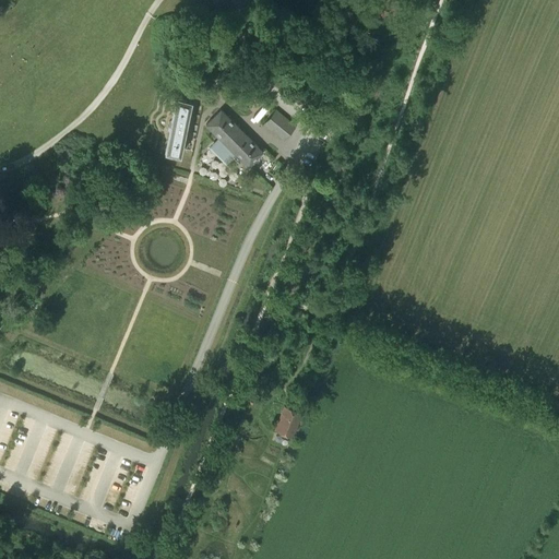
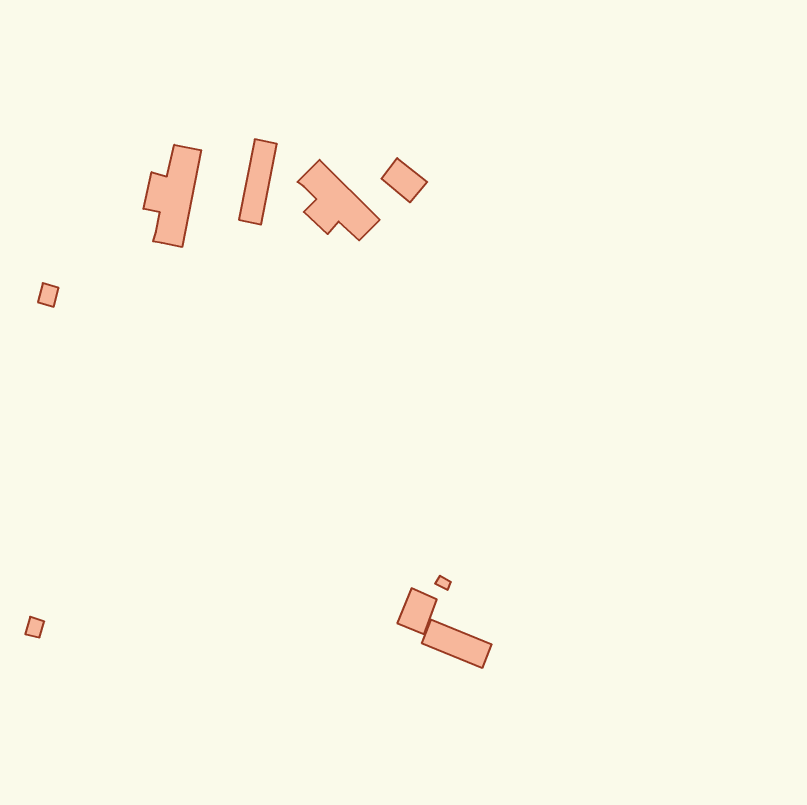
building: none -> [143,145,201,247]
building: none -> [422,620,492,668]

